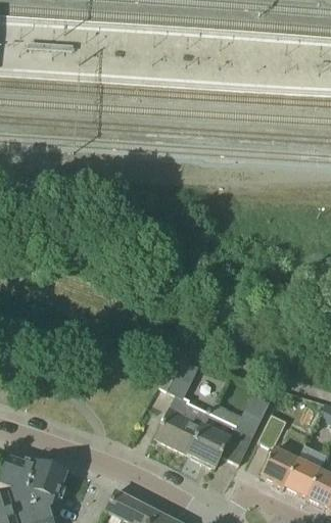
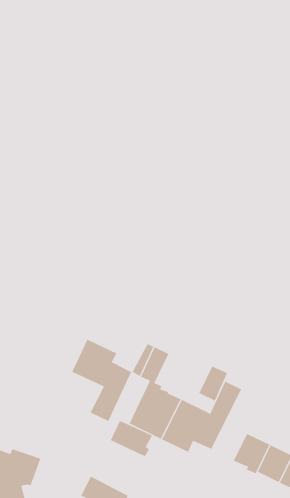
building: none -> [72,339,132,422]
building: [258,413,288,448] -> [199,366,228,401]
building: none -> [110,421,153,457]

